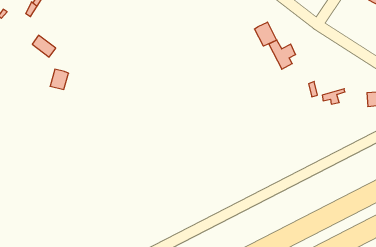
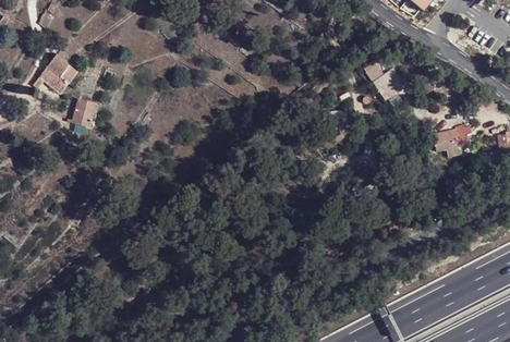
building: [254,22,277,46] -> none
building: none -> [32,66,70,96]

